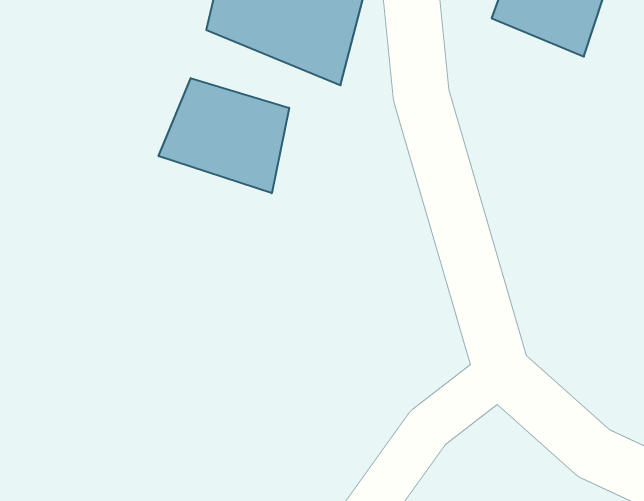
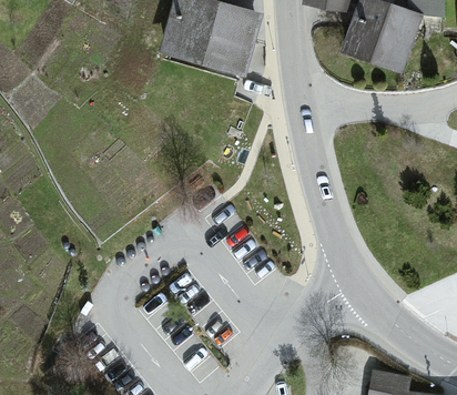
building: [159,78,289,193] -> none

